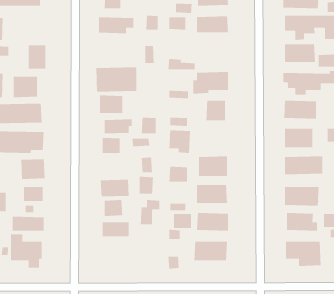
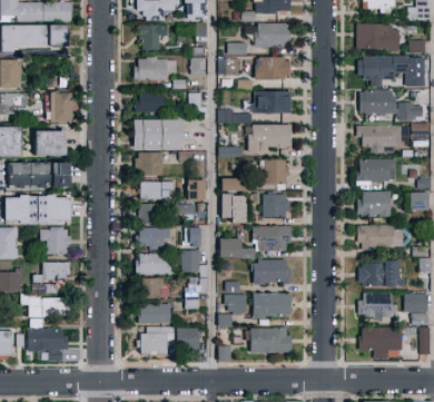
building: none -> [254,89,292,112]
building: none -> [139,92,166,114]
building: none -> [264,194,289,217]
building: none -> [137,227,172,248]
building: none -> [141,327,200,354]

